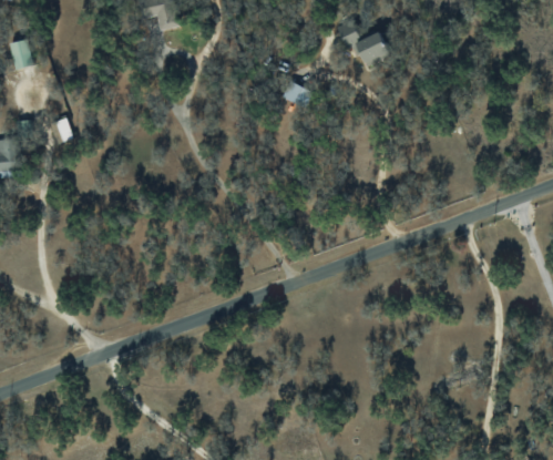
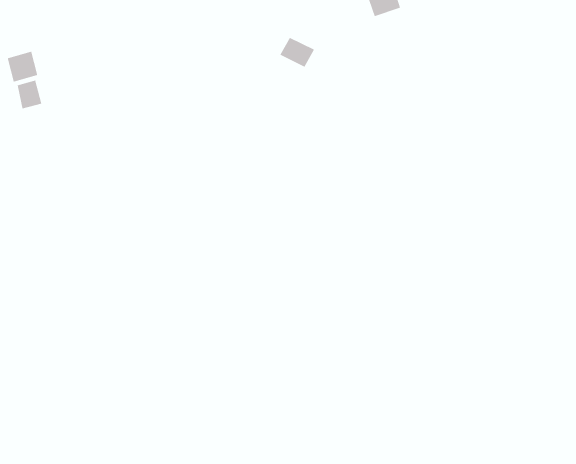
building: none -> [7,51,38,83]

